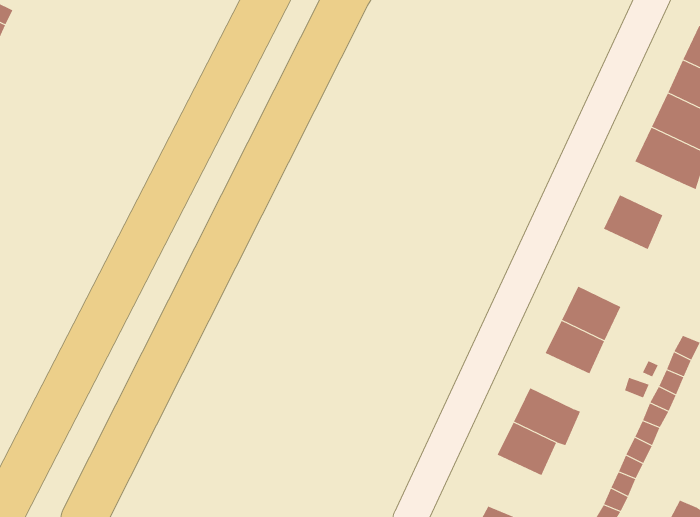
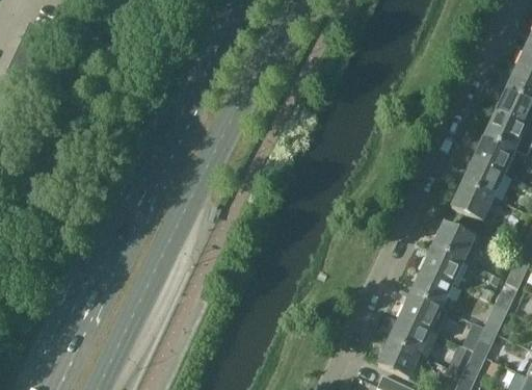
building: none -> [473,135,514,173]
building: none -> [450,182,493,220]
building: none -> [410,268,452,307]
building: none -> [377,339,419,378]

